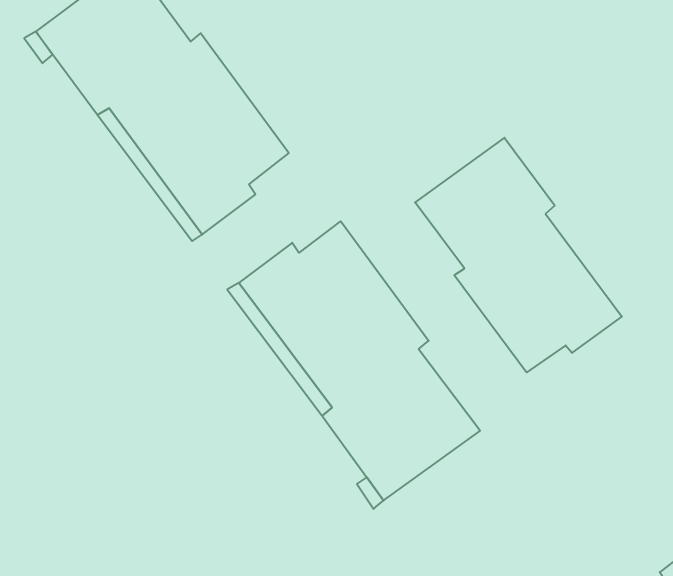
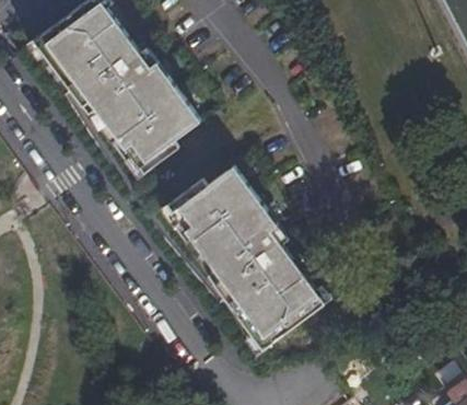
building: [415,138,622,372] -> none

